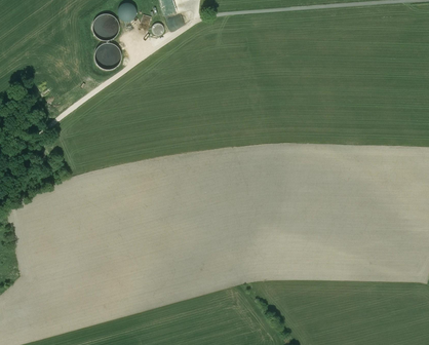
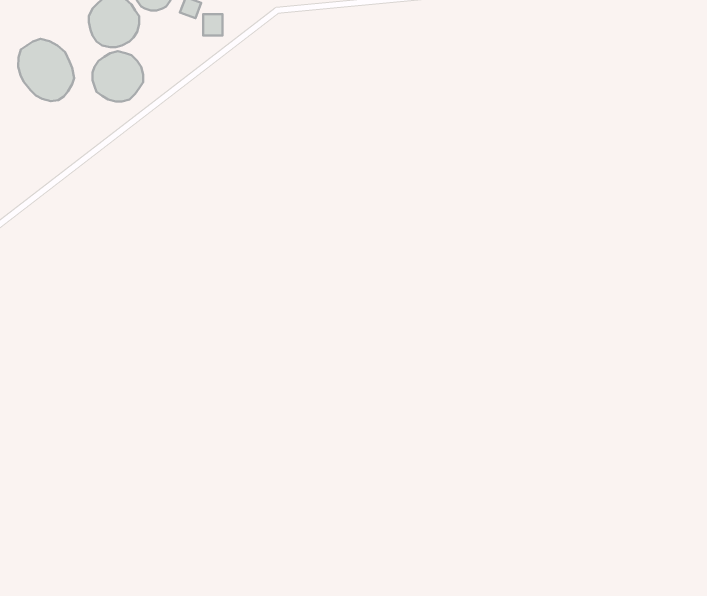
building: none -> [18,39,74,101]

